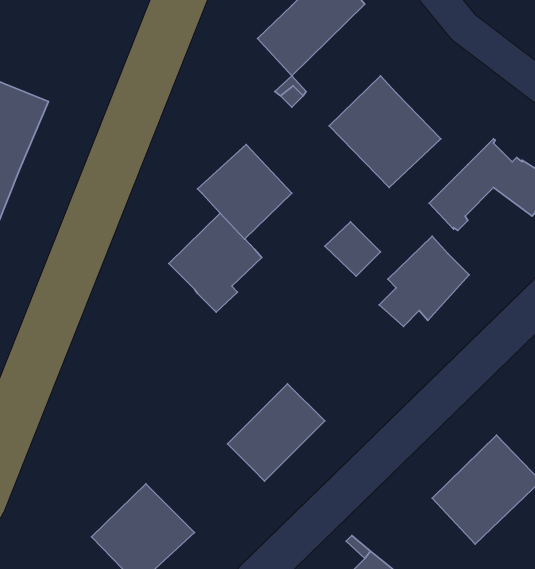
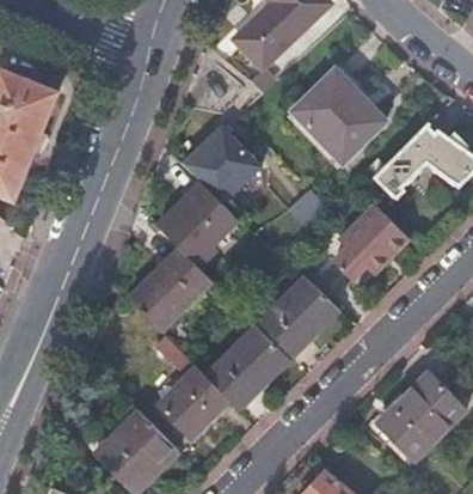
building: none -> [129,227,210,331]
building: none -> [257,278,339,359]
building: none -> [155,337,228,438]

